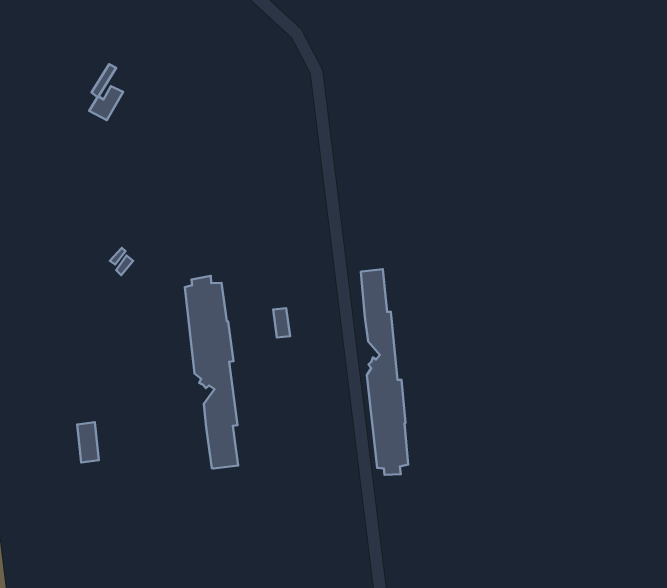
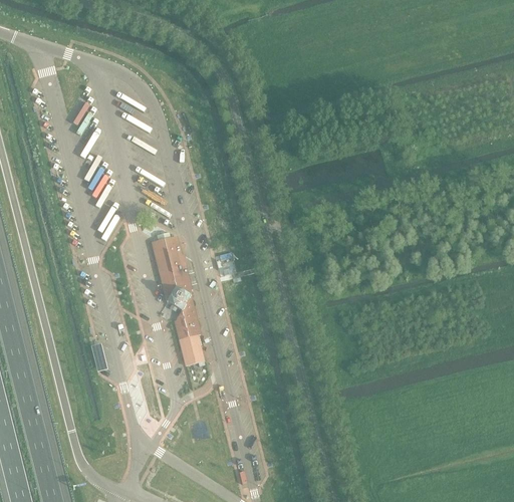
building: [361,269,408,475] -> none

